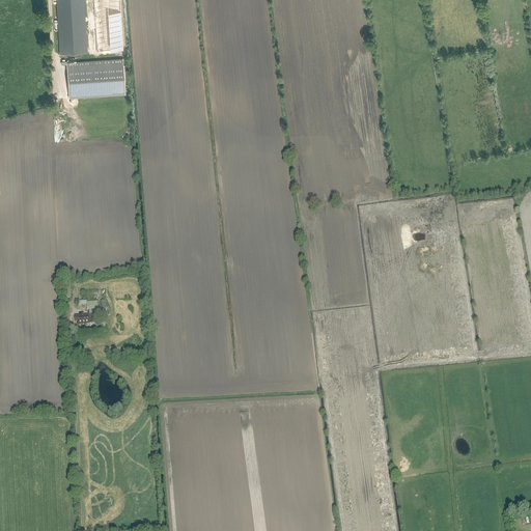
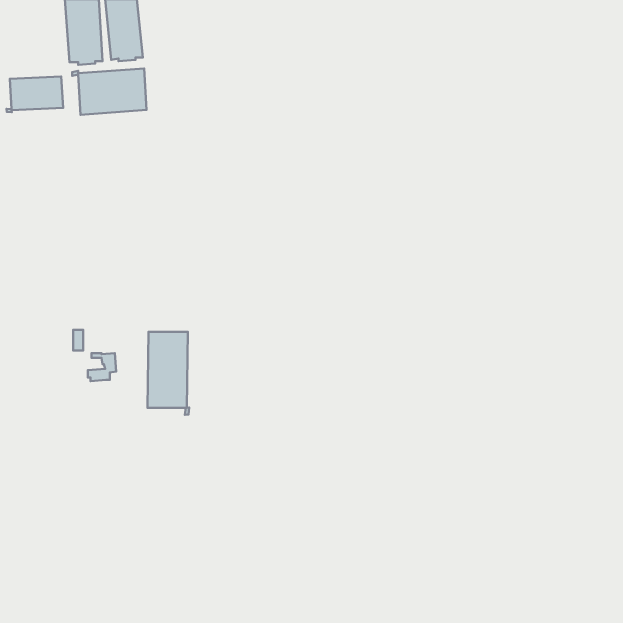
building: none -> [7,76,63,112]
building: none -> [147,332,189,415]

